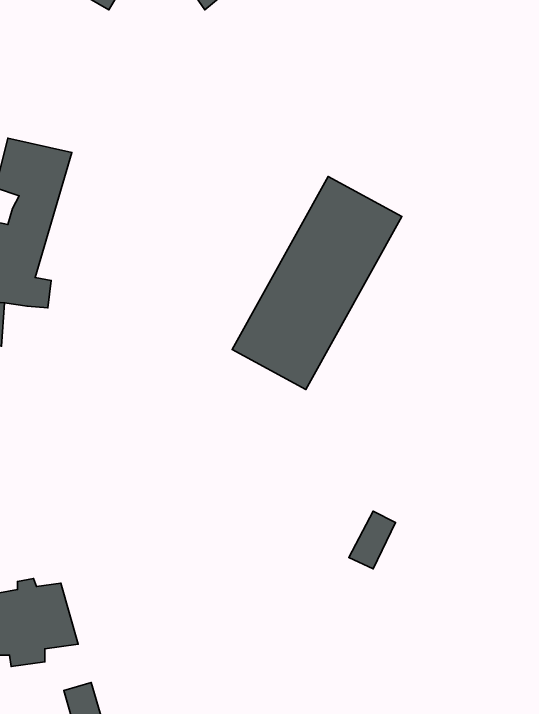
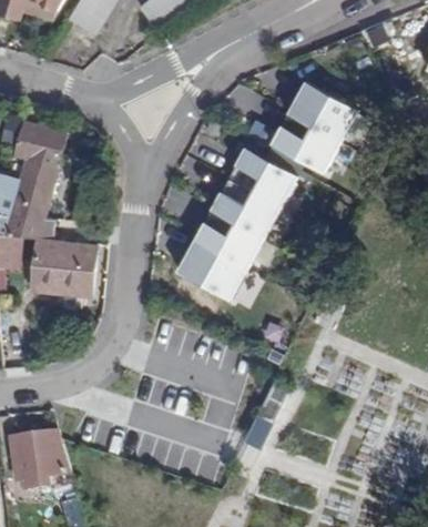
building: none -> [267,82,351,170]
building: none -> [32,239,95,295]

